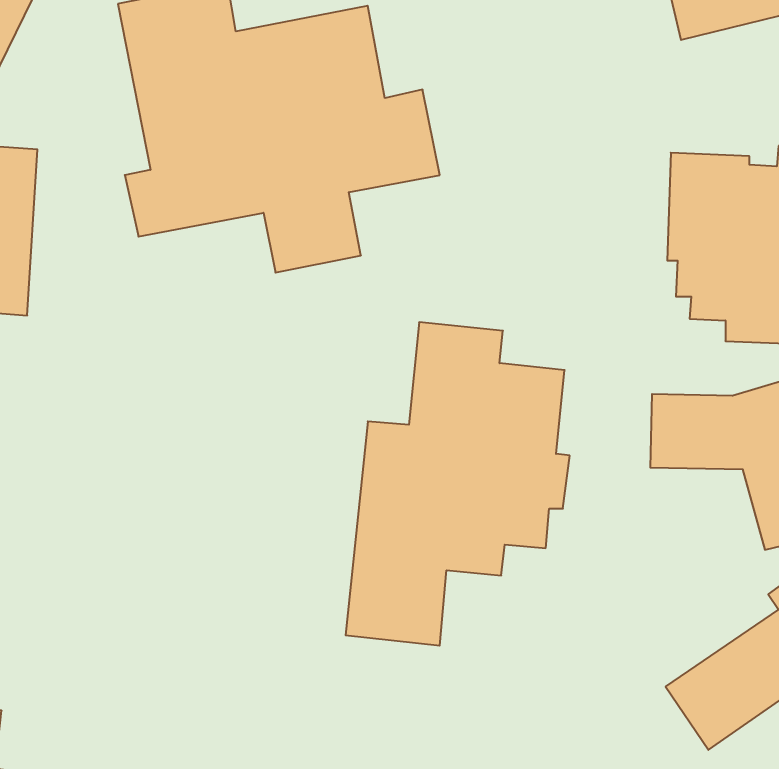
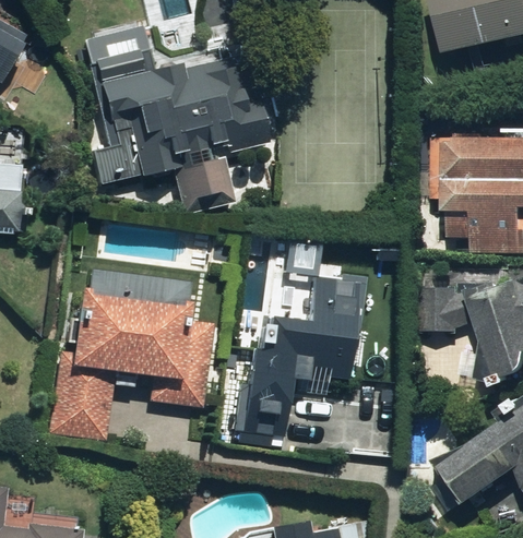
building: none -> [61,271,215,435]

